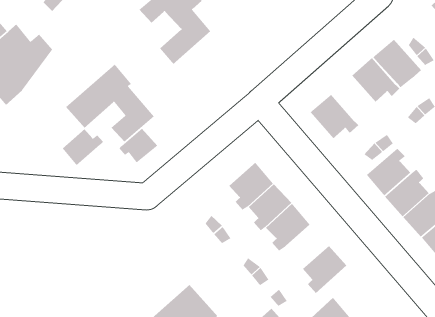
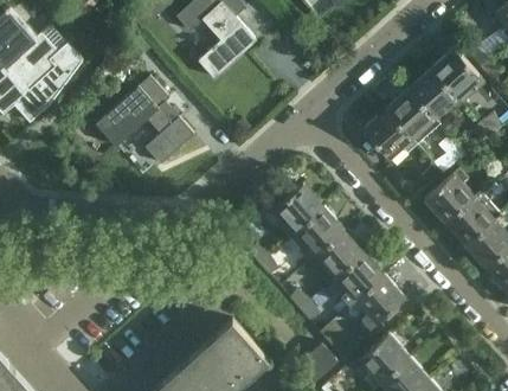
building: none -> [386,89,439,139]
building: [118,128,158,163] -> none
building: [62,128,104,166] -> none
building: none -> [334,252,384,306]

